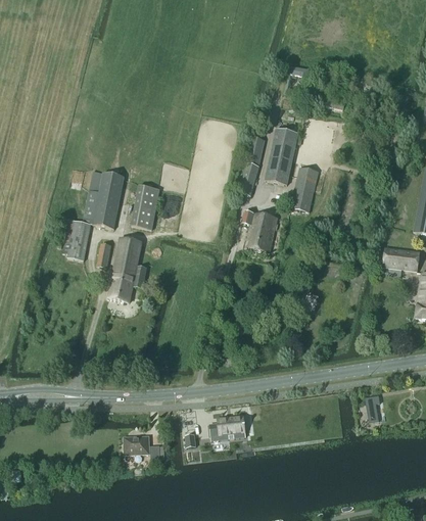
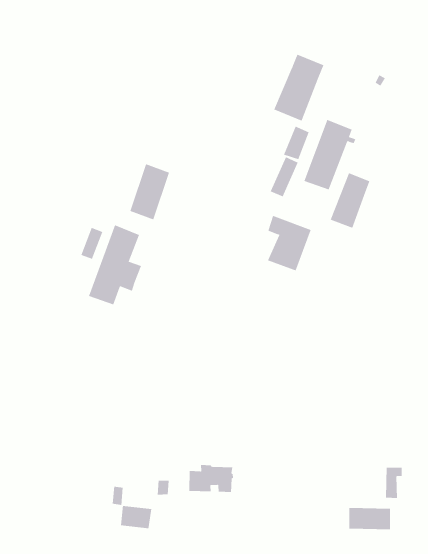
building: none -> [274,54,324,122]
building: [59,171,124,260] -> none
building: none -> [349,507,391,530]
building: [125,436,149,454] -> [120,505,152,529]

